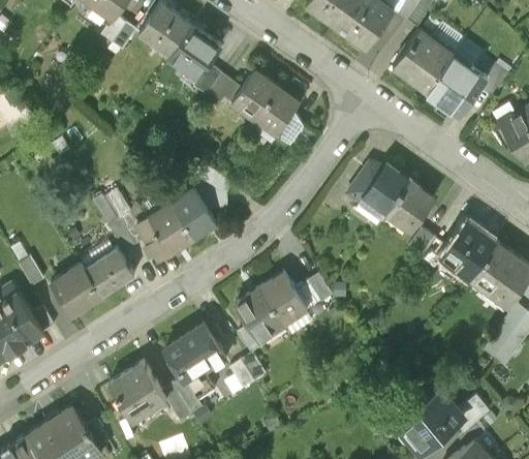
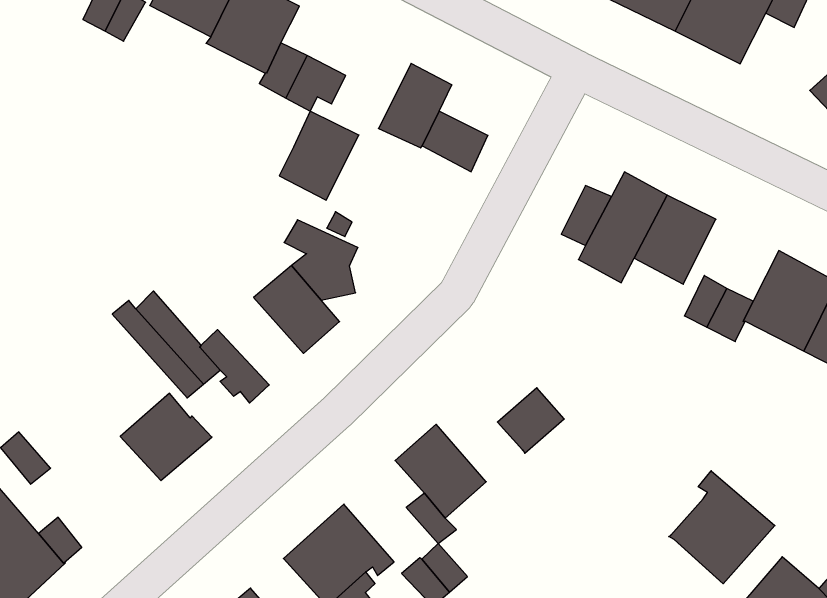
building: [230,68,278,119] -> [279,111,359,200]
building: [148,202,193,251] -> none
building: [51,262,103,315] -> none
building: [260,273,306,324] -> none
building: none -> [669,471,775,584]

